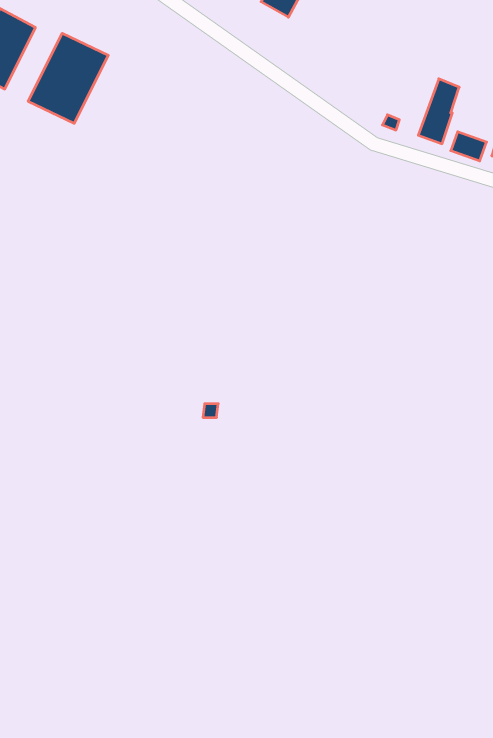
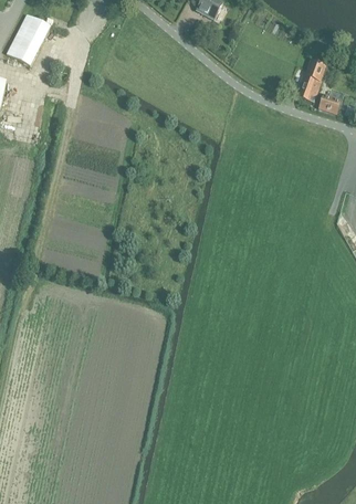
building: [28,33,108,123] -> none

